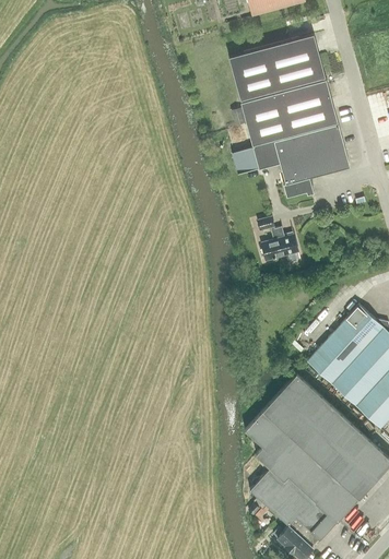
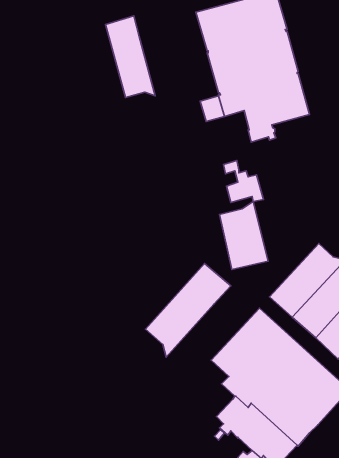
building: none -> [106,16,155,98]
building: none -> [219,201,268,269]
building: none -> [145,264,231,357]

